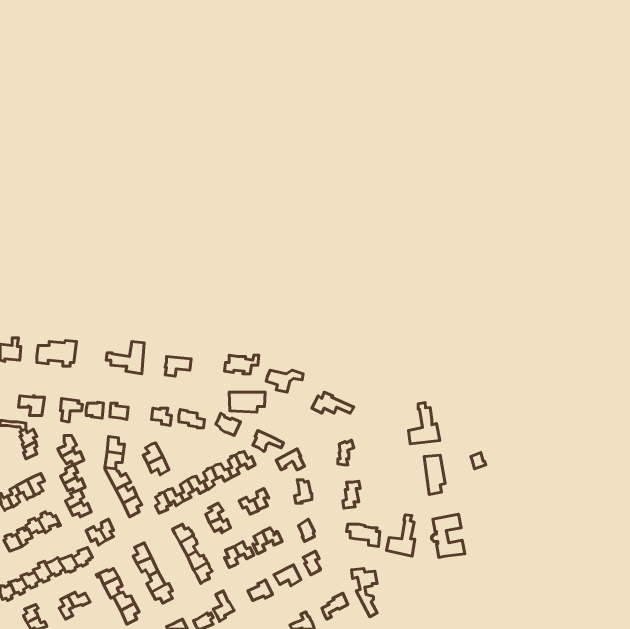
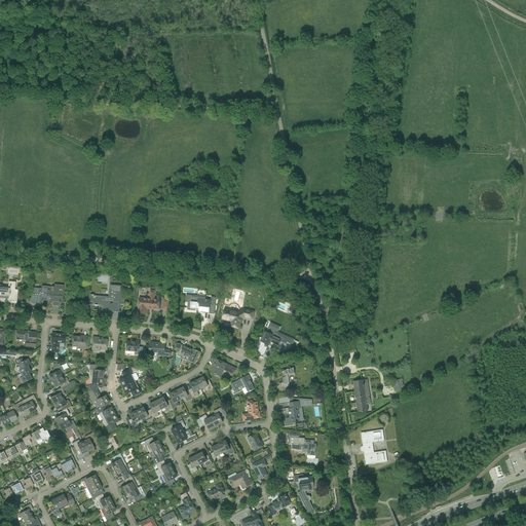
building: [229,392,265,412] -> none
building: [408,402,440,444] -> none
building: [386,515,415,556] -> none

